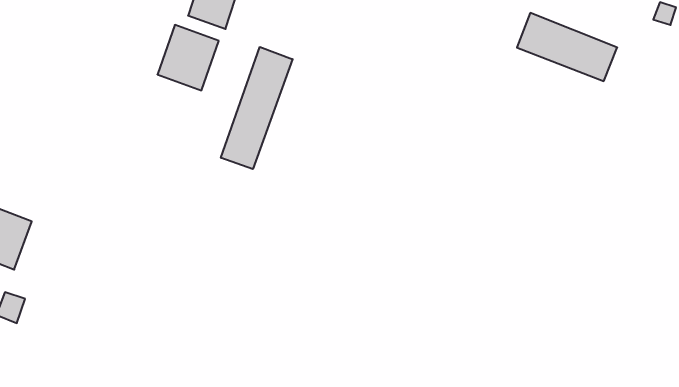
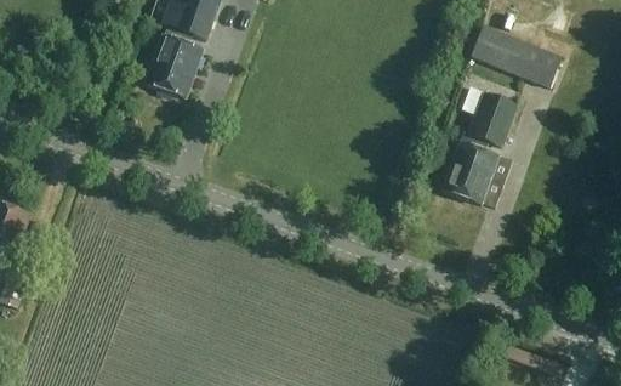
building: [221,47,293,169] -> none
building: none -> [444,91,519,201]

